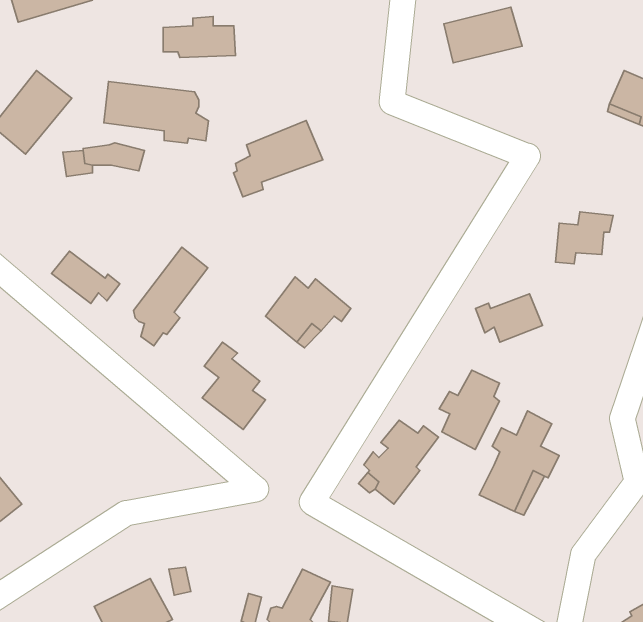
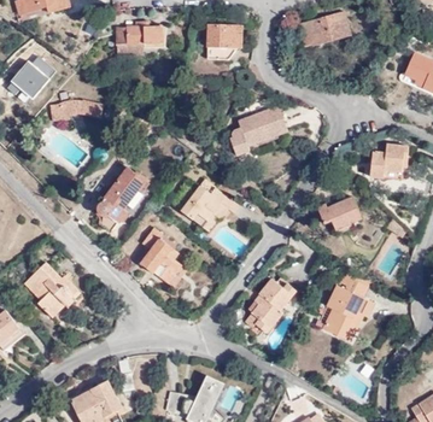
building: none -> [207,25,242,60]
building: [104,81,209,143] -> none
building: [234,121,323,197] -> [232,107,289,157]
building: [52,251,120,303] -> none
building: [439,370,500,450] -> none
building: none -> [25,263,80,316]

